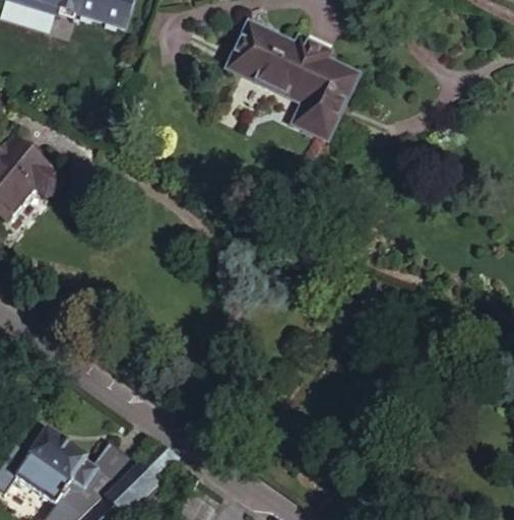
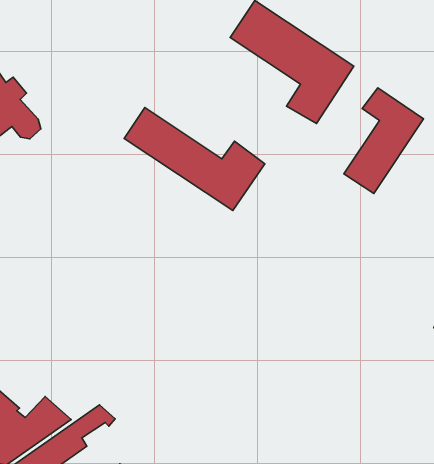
building: none -> [344,88,424,194]
building: none -> [124,107,265,211]

